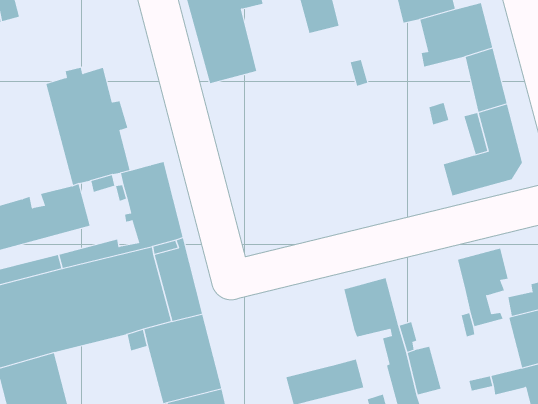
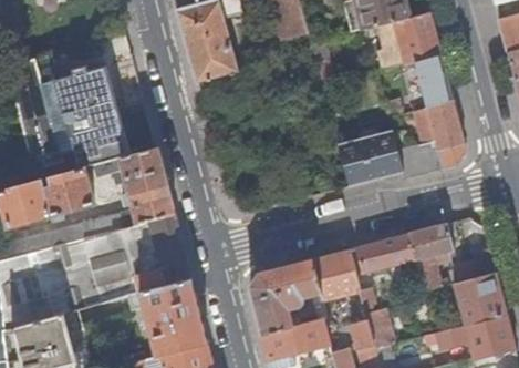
building: none -> [338,127,401,187]
building: none -> [356,234,415,274]
building: none -> [249,259,320,335]

